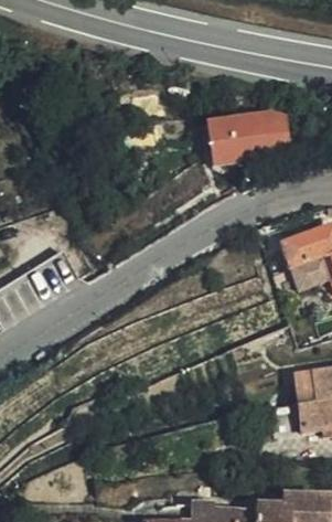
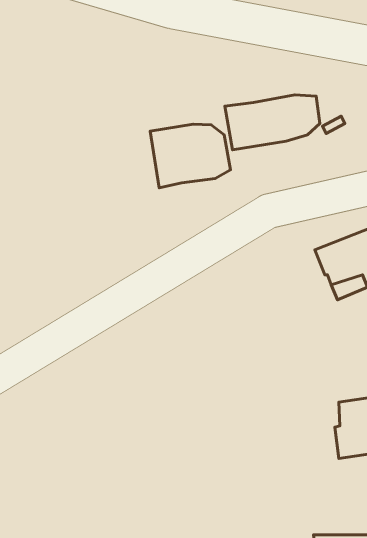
building: none -> [150,124,231,188]

